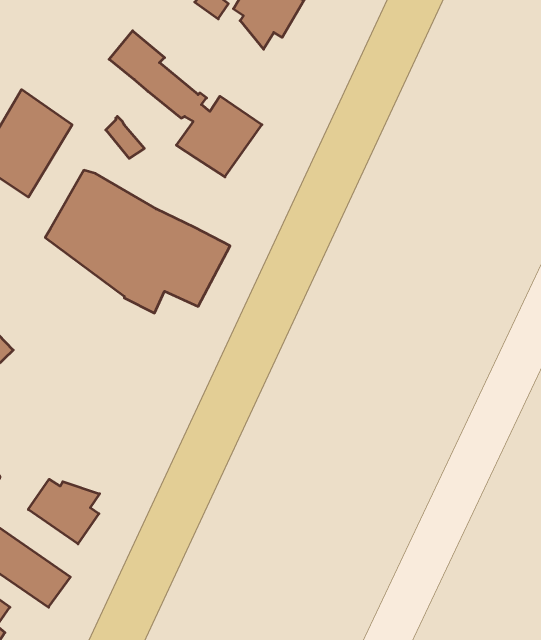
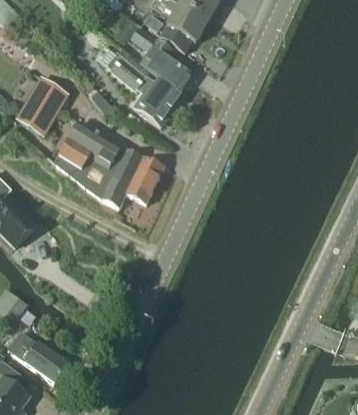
building: none -> [130,25,196,94]
building: [28,479,100,544] -> none

